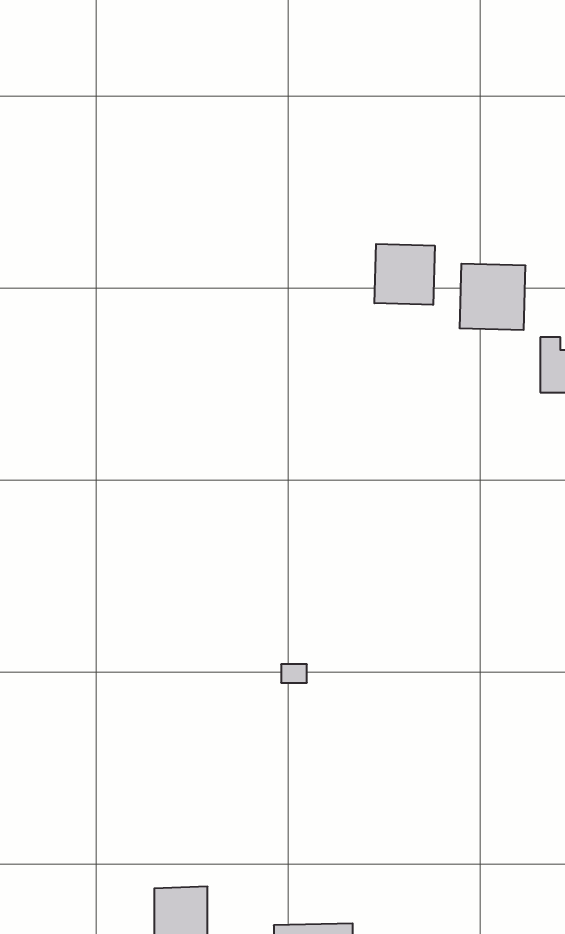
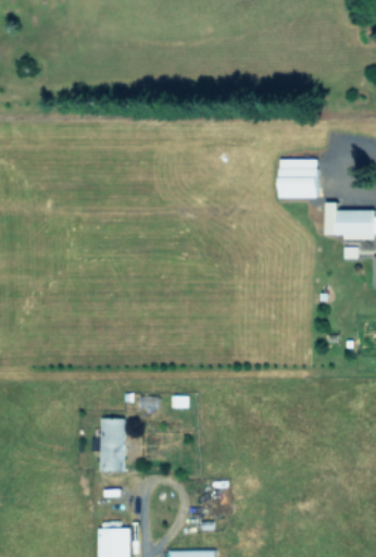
building: [374,244,435,305] -> none
building: none -> [101,419,125,472]

